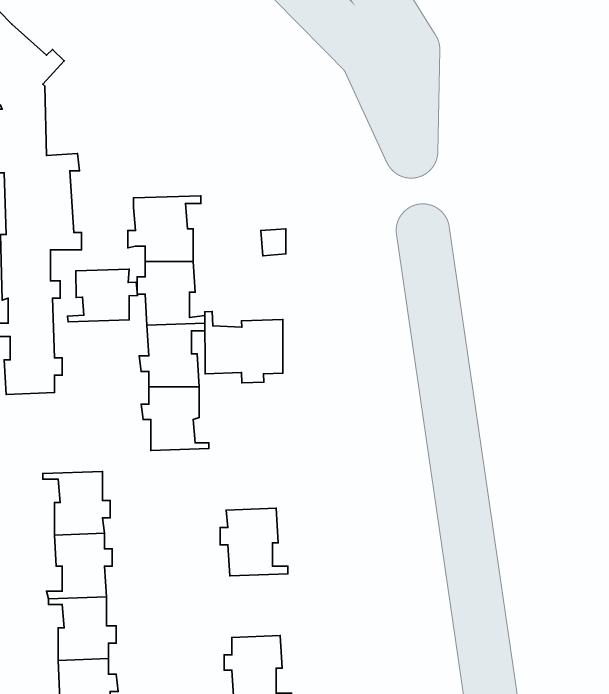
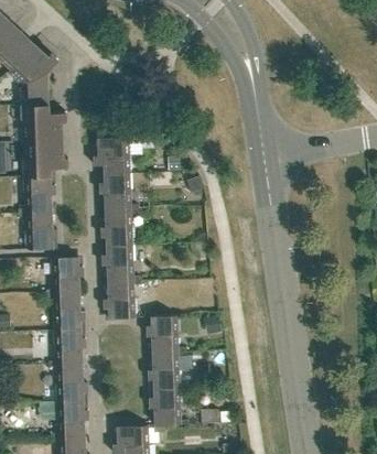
building: [68,269,137,322] -> none
building: [205,311,283,383] -> none
building: none -> [46,256,84,294]
building: none -> [105,280,142,317]
building: none -> [149,352,186,388]

